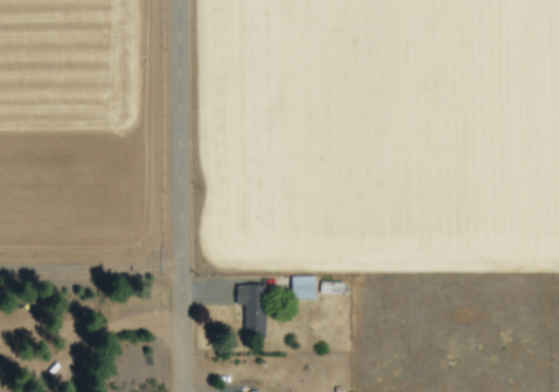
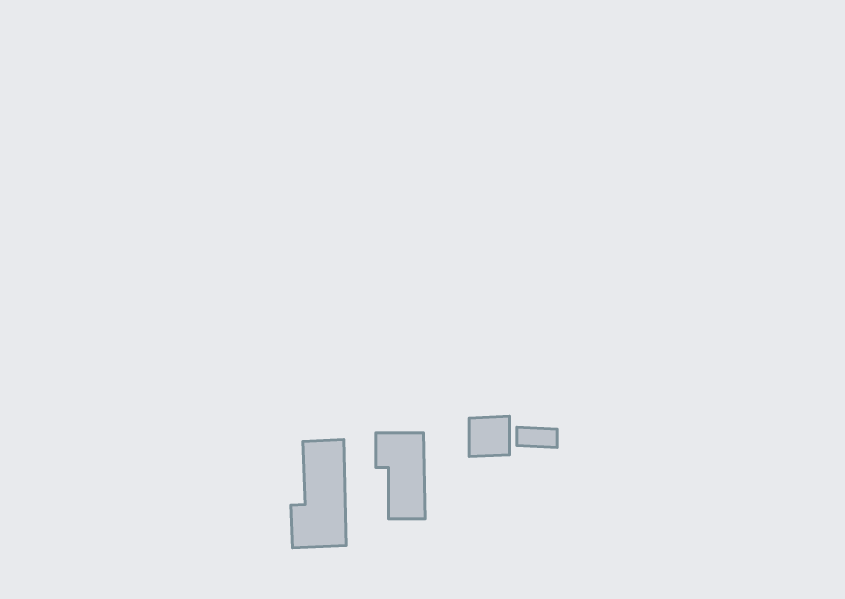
building: none -> [291,440,346,548]

